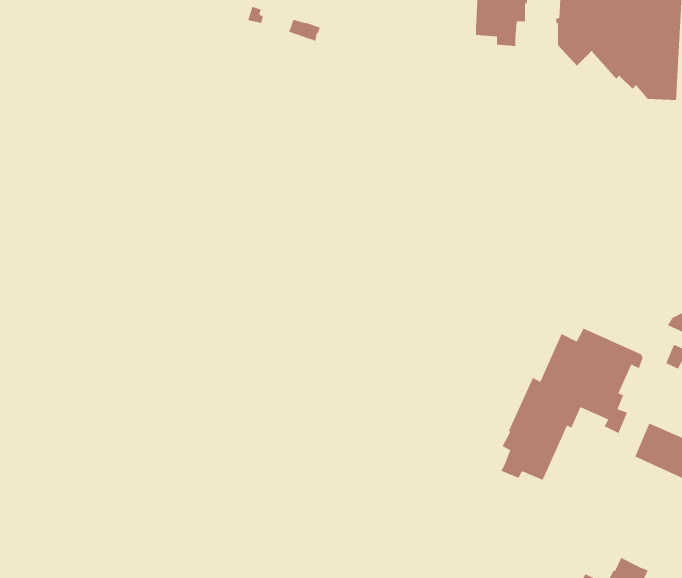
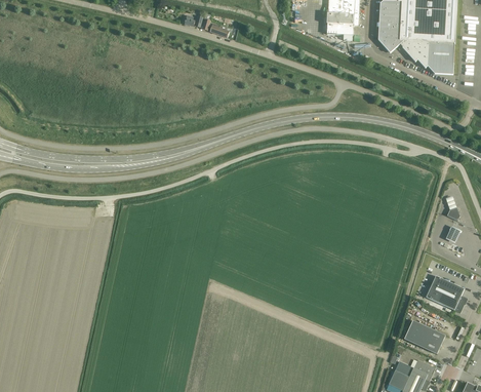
building: [500,327,643,481] -> none
building: none -> [403,319,445,353]

